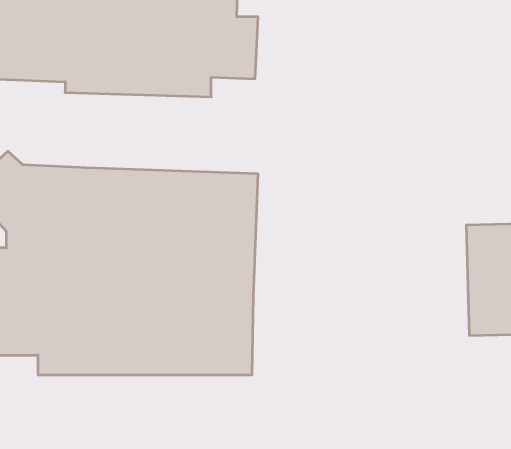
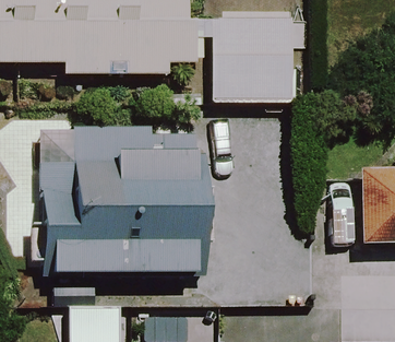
building: none -> [219,10,297,101]

